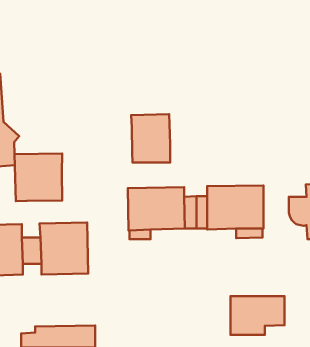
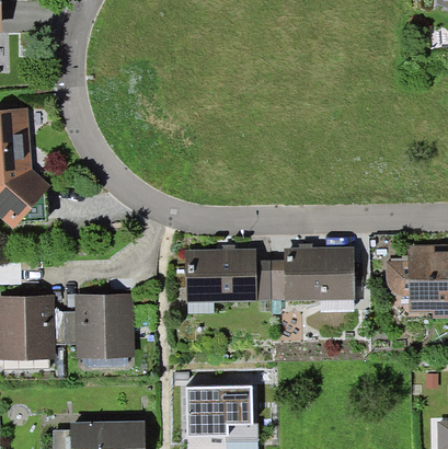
building: [131,114,170,163] -> none
building: [15,153,62,201] -> none
building: [231,296,284,335] -> [186,388,253,436]

